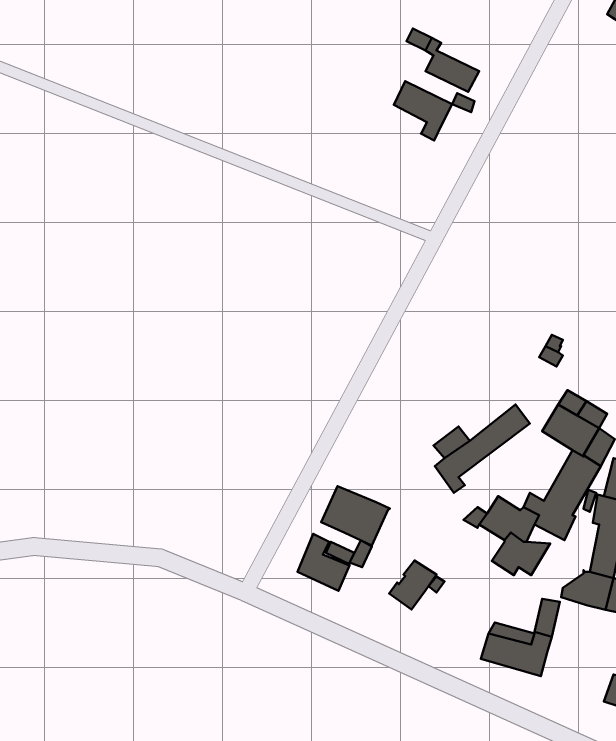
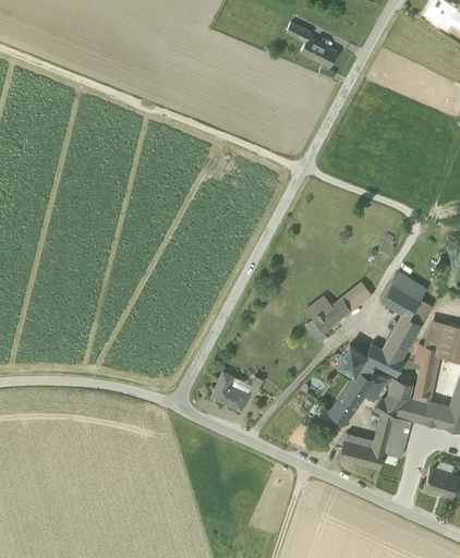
building: [394,81,452,140] -> none
building: [321,486,390,546] -> none
building: none -> [376,378,413,416]
building: [389,560,437,609] -> [329,390,362,424]
building: none -> [385,415,412,458]

